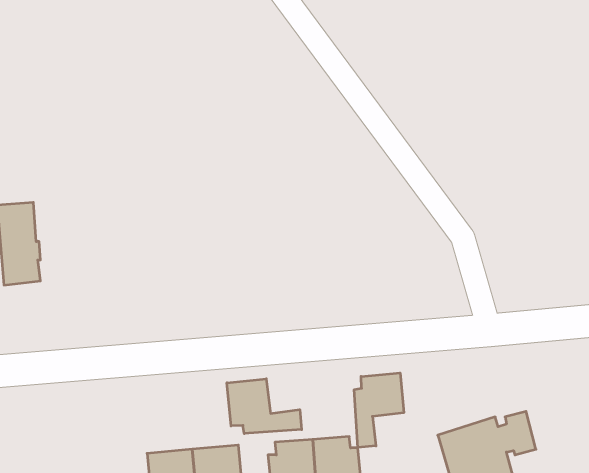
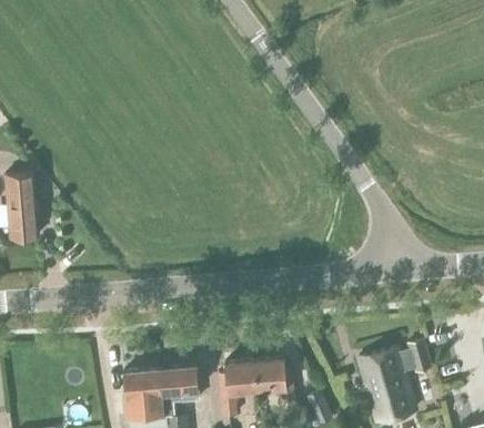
building: [354,373,404,447] -> none
building: [227,379,302,434] -> none

